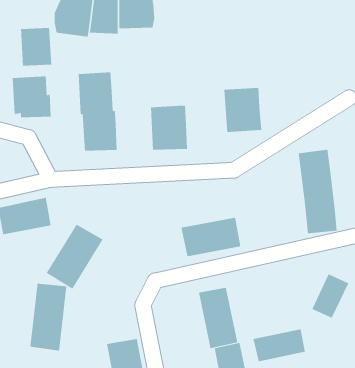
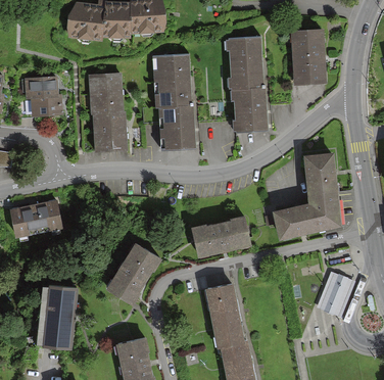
building: none -> [290,31,327,88]
building: [20,27,52,67] -> none
building: none -> [228,38,265,92]
building: none -> [153,55,192,109]
building: none -> [273,203,313,237]
building: [46,224,103,290] -> [106,239,162,303]
building: [253,328,306,362] -> none

